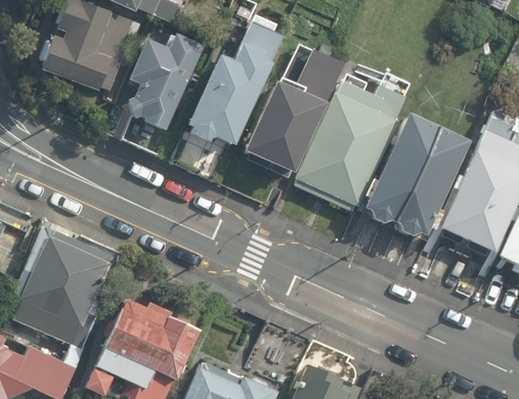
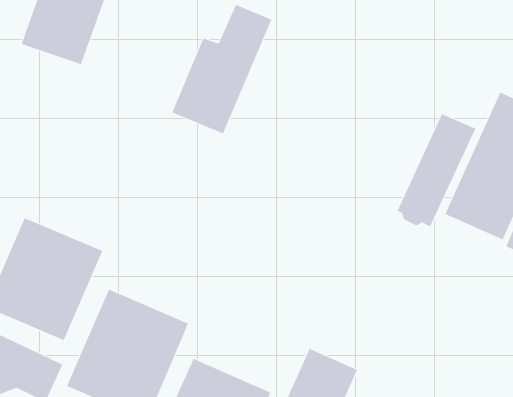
building: [118,30,199,130] -> none
building: [239,52,342,177] -> none
building: [295,81,406,209] -> none
building: [364,116,437,222] -> none

